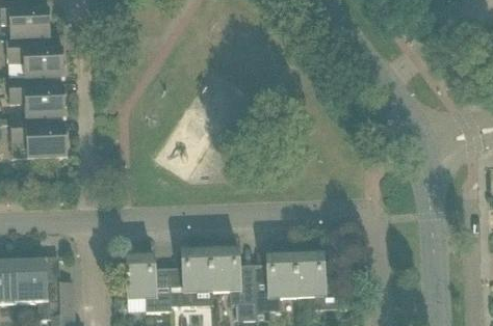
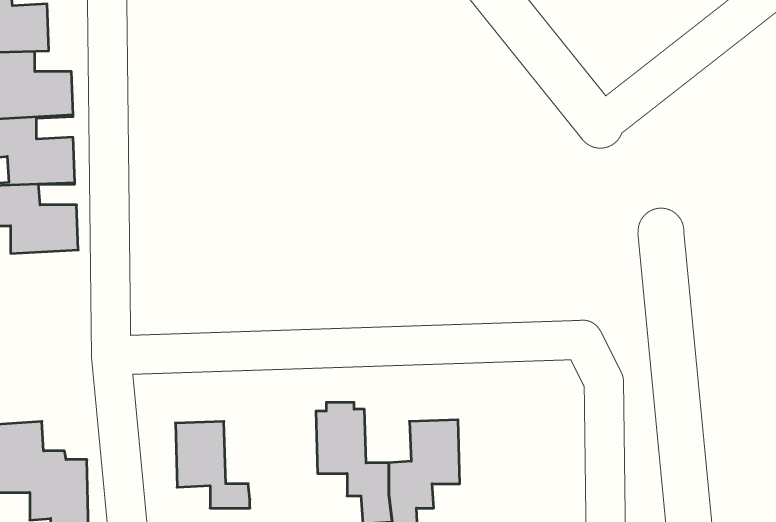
building: [168,248,212,305] -> none
building: [295,256,340,308] -> none

